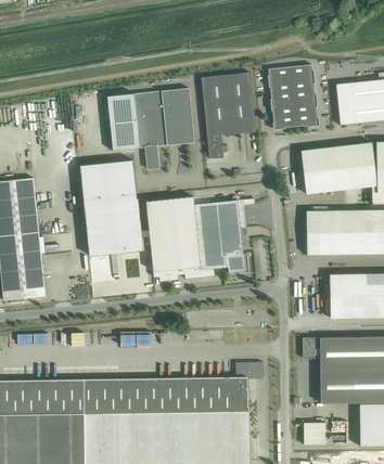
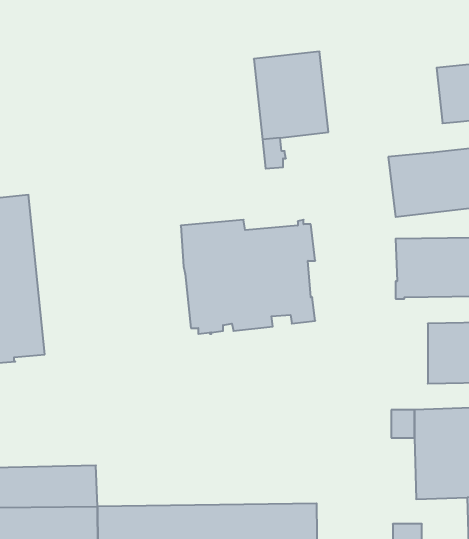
building: [268,64,318,128] -> none
building: [107,88,194,169] -> none
building: [79,159,150,256] -> none
building: [84,361,264,409] -> none

